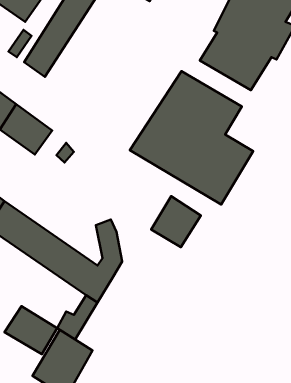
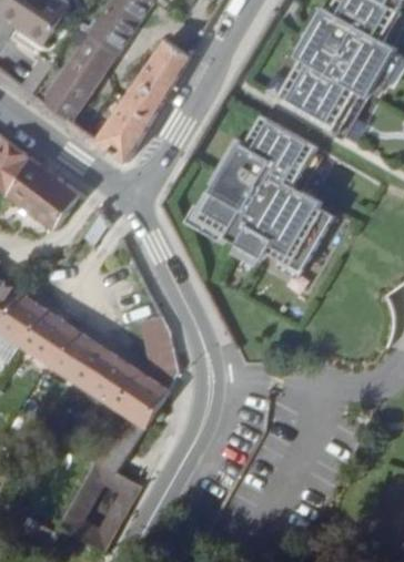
building: none -> [94,38,189,161]
building: [151,196,201,247] -> none
building: [4,306,57,354] -> none

